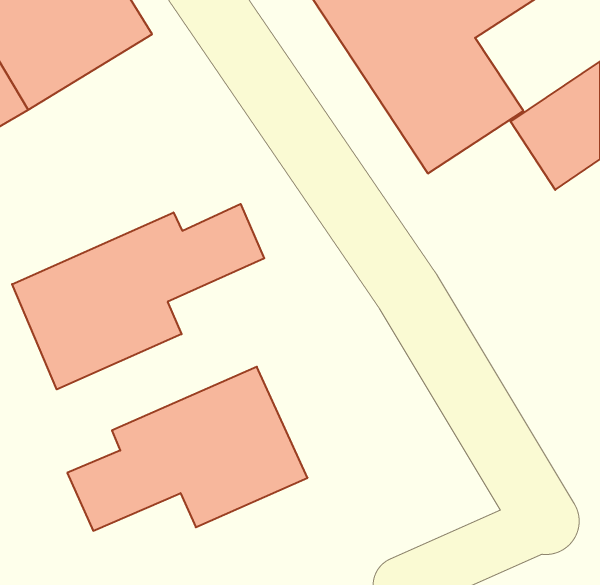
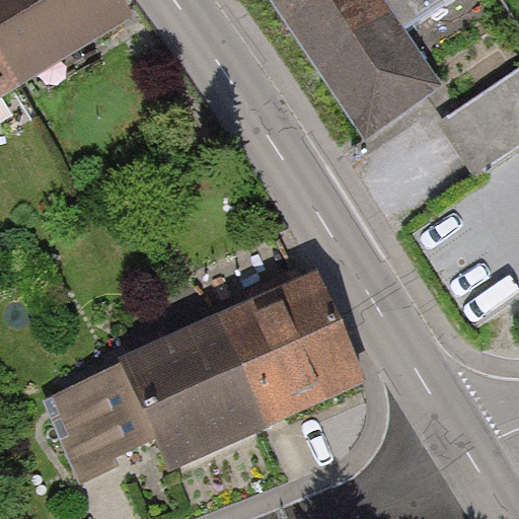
building: [12,204,264,389] -> none
building: none -> [221,272,361,411]

